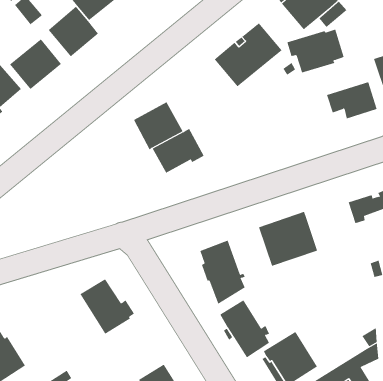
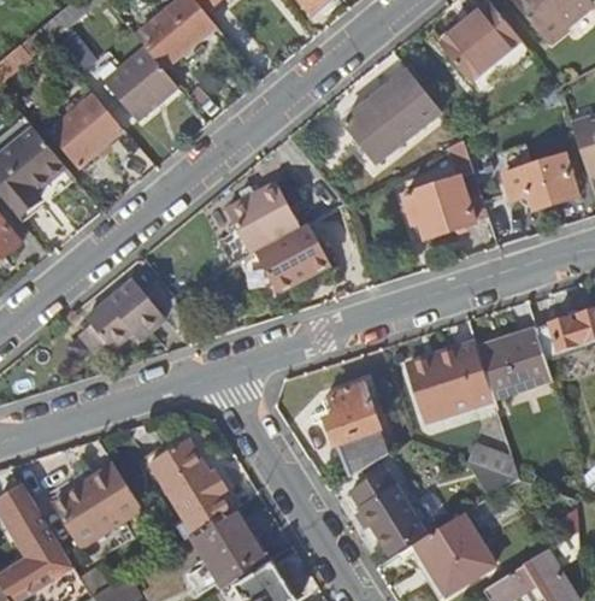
building: [286,29,344,73] -> [403,173,487,237]
building: none -> [79,282,164,353]
building: none -> [475,329,549,394]
building: none -> [466,442,518,496]
building: none -> [52,464,141,547]
building: none -> [199,508,265,581]

